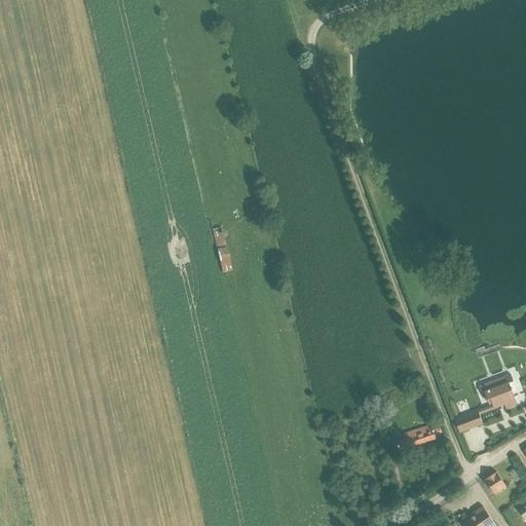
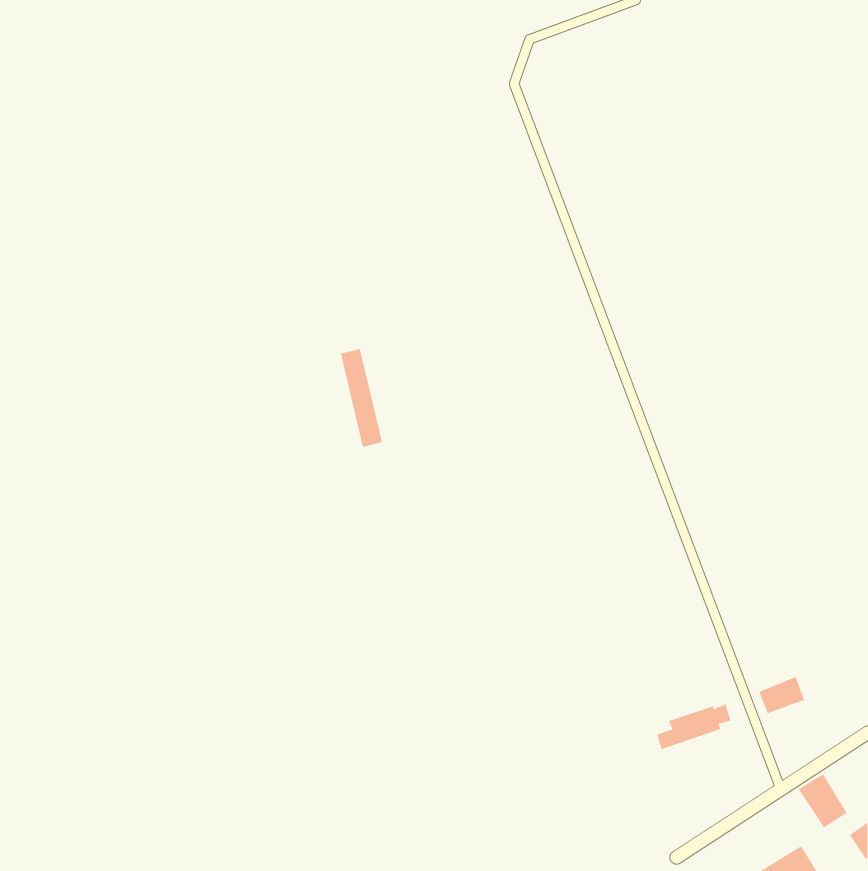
building: [486,380,517,407] -> none

